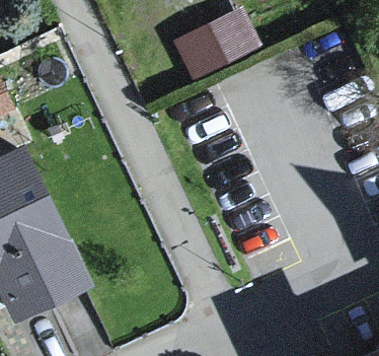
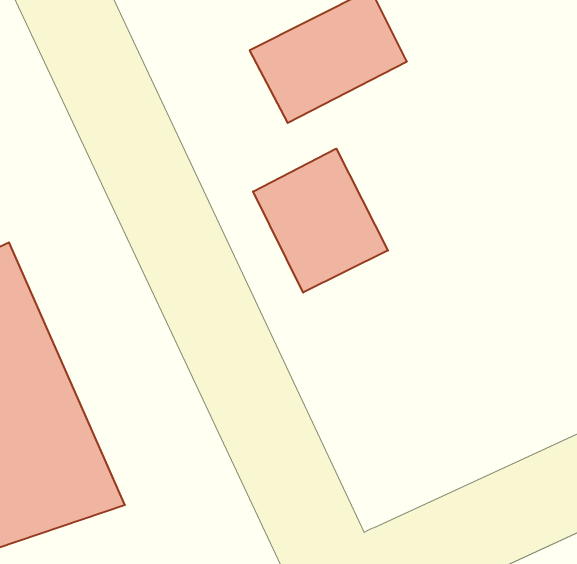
building: none -> [253,149,388,293]

